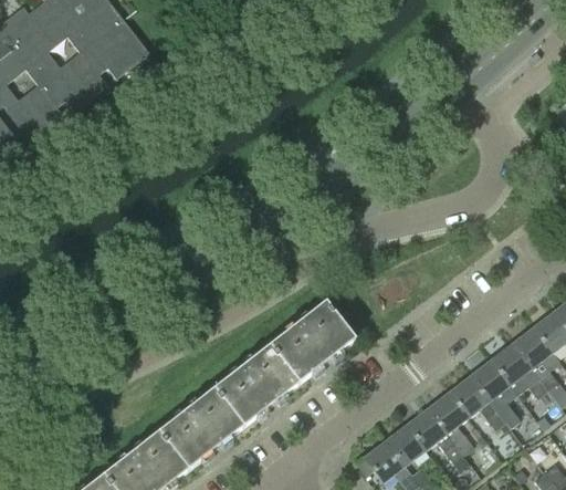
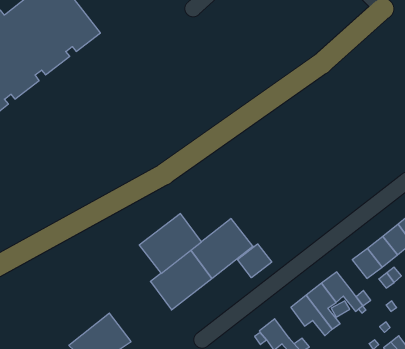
building: none -> [237,244,272,278]
building: [469,359,510,402] -> none
building: [157,389,242,471] -> [139,214,201,273]
building: [384,425,424,467] -> none

